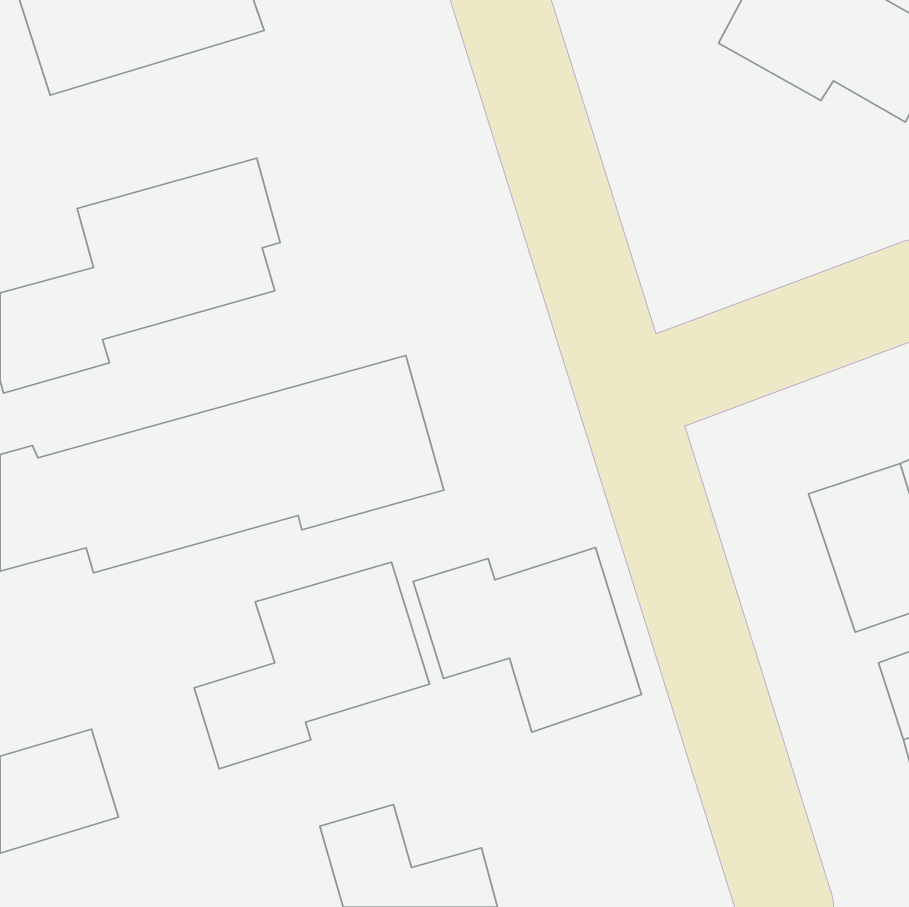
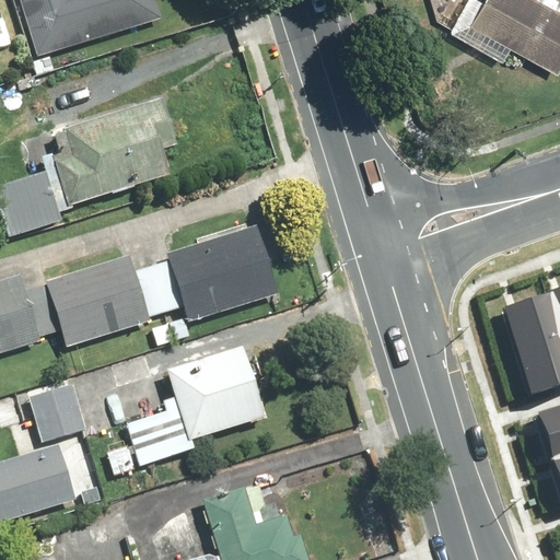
building: [413,548,641,732] -> none
building: none -> [26,380,86,443]

